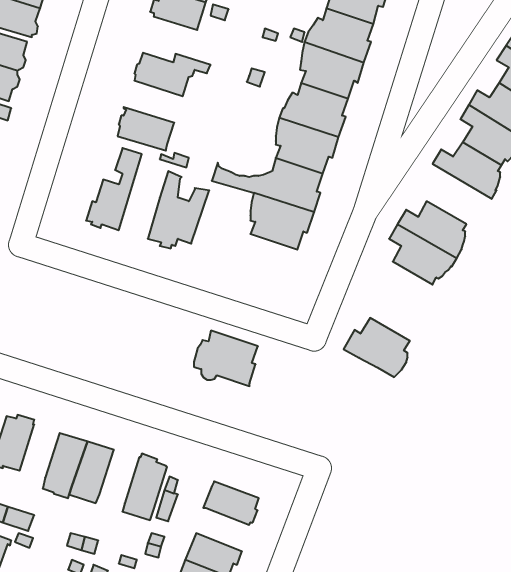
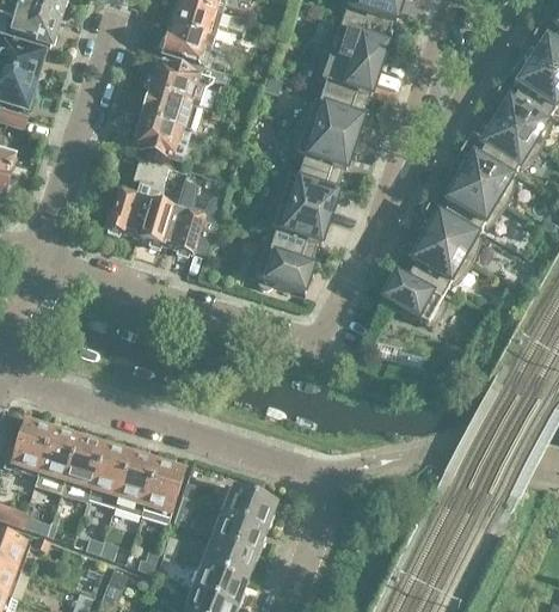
building: none -> [159,24,236,63]
building: none -> [140,86,199,129]
building: none -> [136,160,177,245]
building: none -> [438,170,505,230]
building: [344,318,410,377] -> [381,267,447,325]
building: [194,331,258,386] -> [250,239,313,294]
building: none -> [35,428,78,492]
building: none -> [113,453,156,514]
building: none -> [210,510,265,553]

